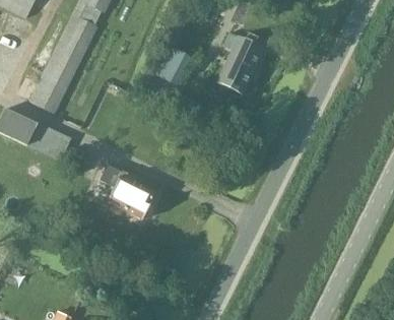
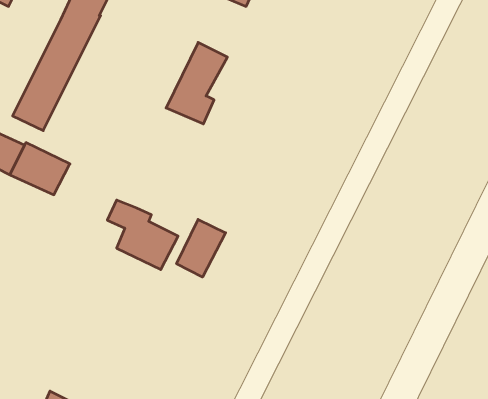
building: [216,31,265,94] -> none
building: none -> [177,219,226,277]

